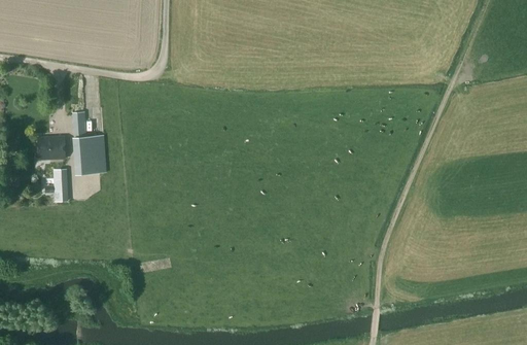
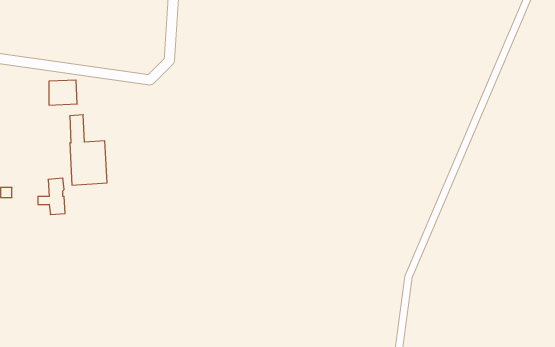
building: [39,137,65,160] -> [49,80,77,105]

